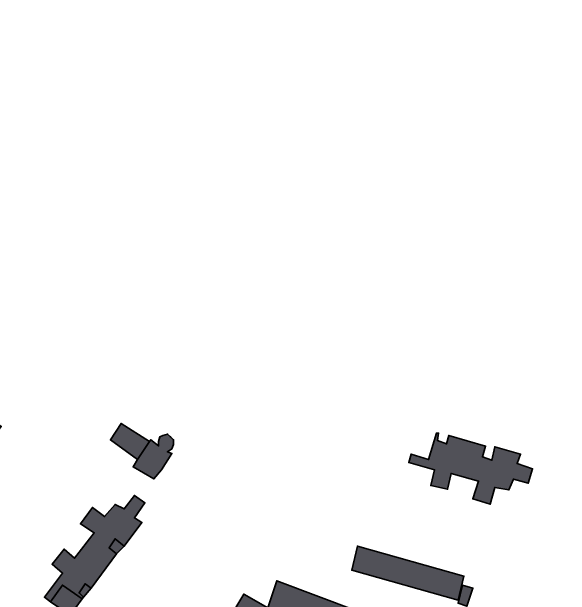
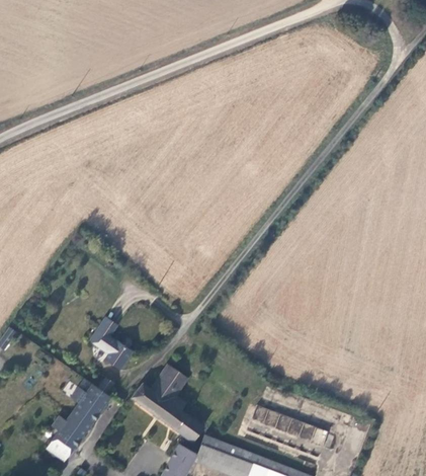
building: [409,433,533,504] -> none
building: none -> [133,366,203,442]

